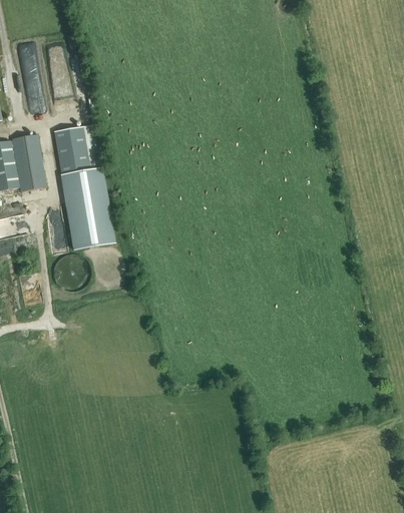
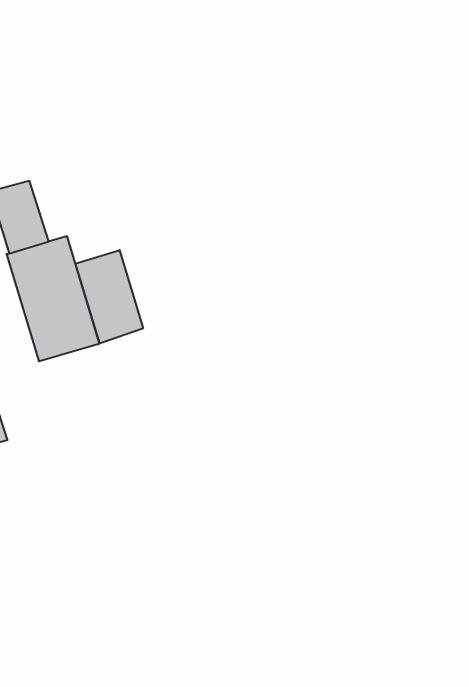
building: none -> [75,250,143,344]

